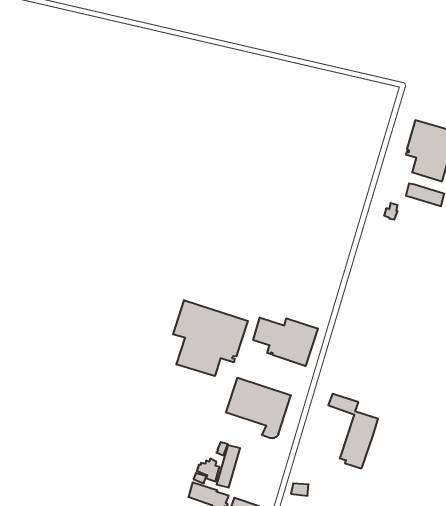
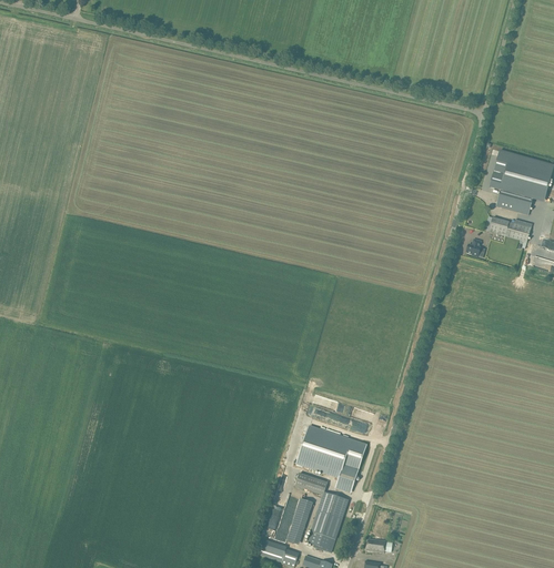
building: [173,300,248,376] -> none
building: [253,317,318,366] -> none
building: [328,394,378,468] -> [295,471,349,551]

